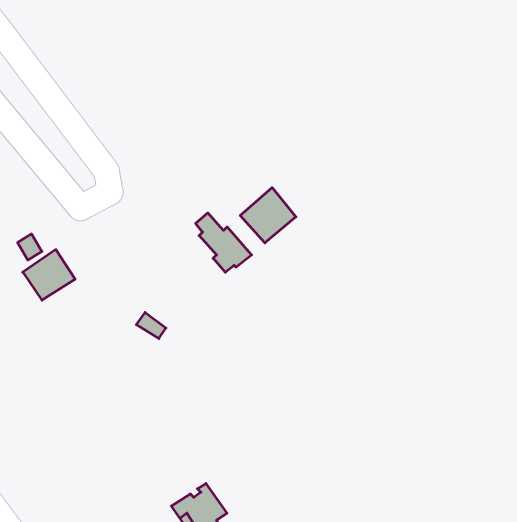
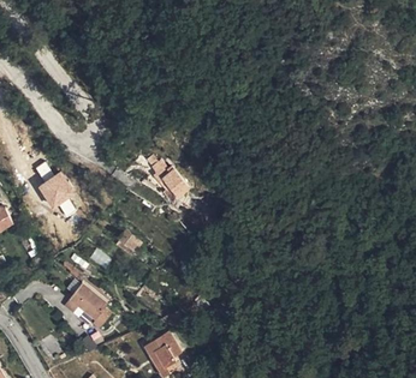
building: [240,188,296,243] -> none
building: none -> [65,283,112,329]

